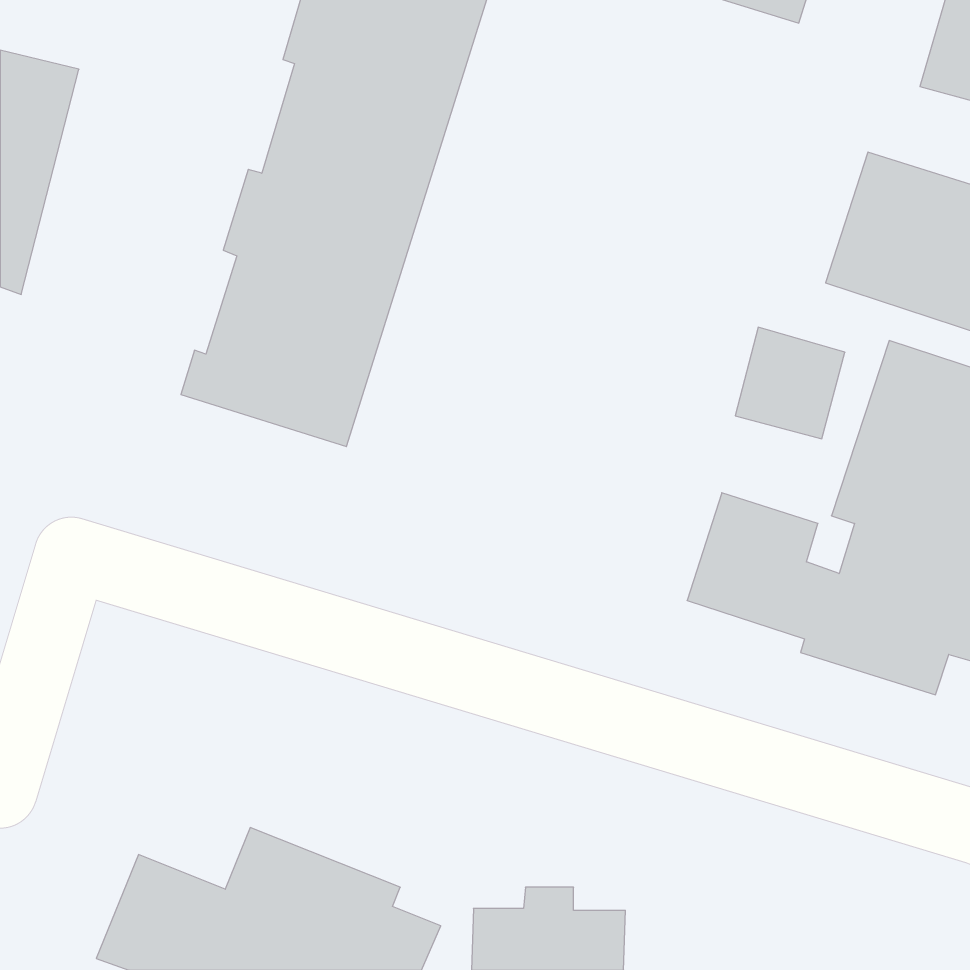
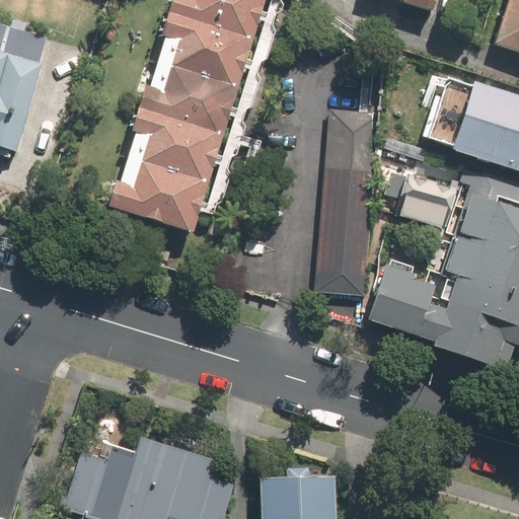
building: none -> [316,103,377,295]

